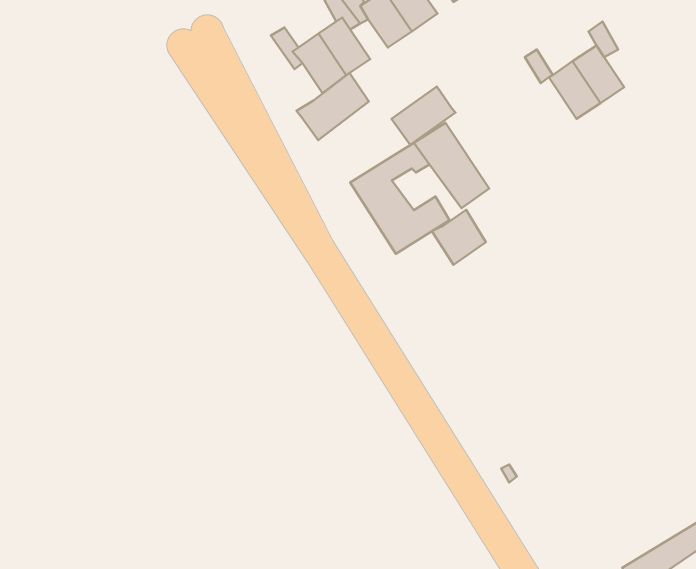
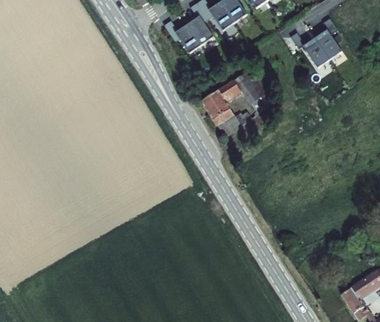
building: [297,73,369,140] -> none
building: [391,86,455,145] -> none
building: [432,210,486,265] -> none

